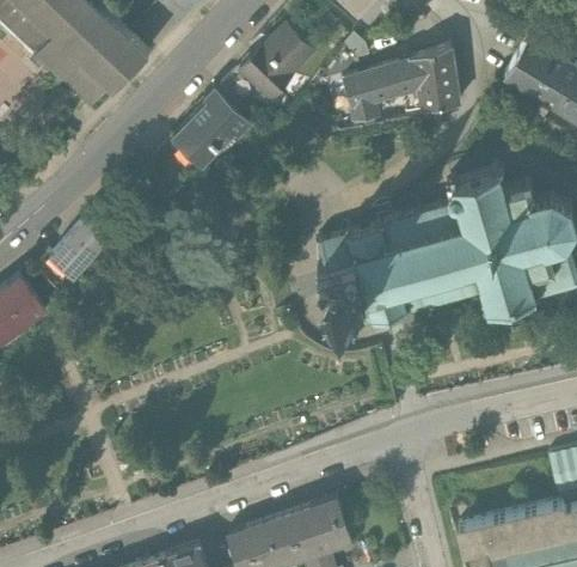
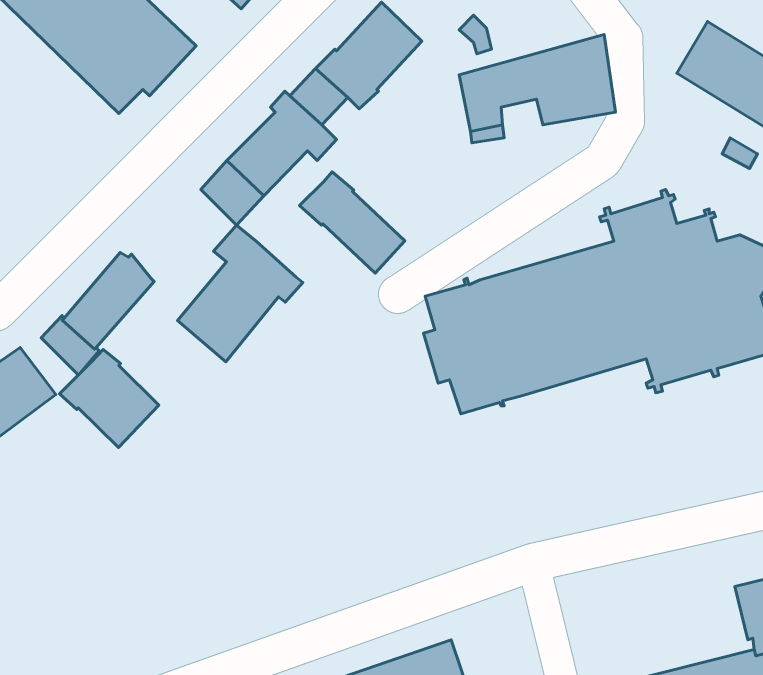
building: none -> [300,172,405,273]
building: none -> [177,225,303,362]
building: none -> [59,350,159,448]

